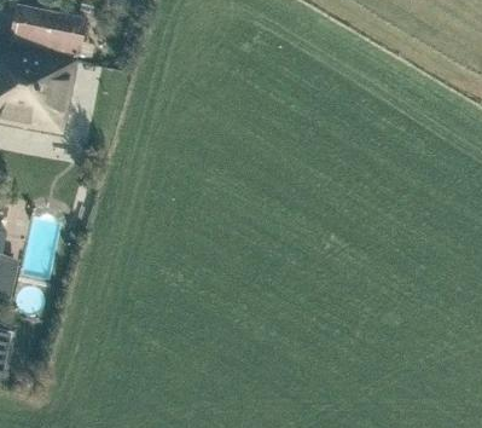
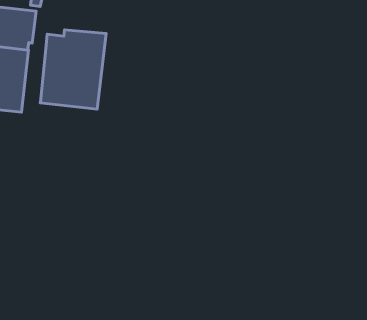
building: none -> [40,30,106,109]

